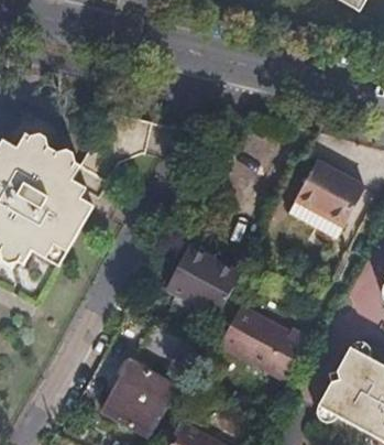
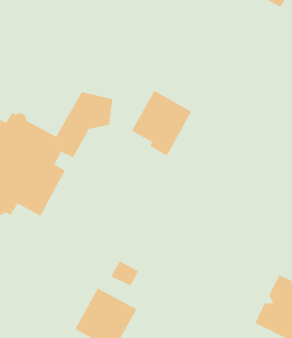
building: [285,162,361,245] -> [131,90,192,156]
building: [164,247,238,315] -> none
building: [222,307,308,380] -> none

